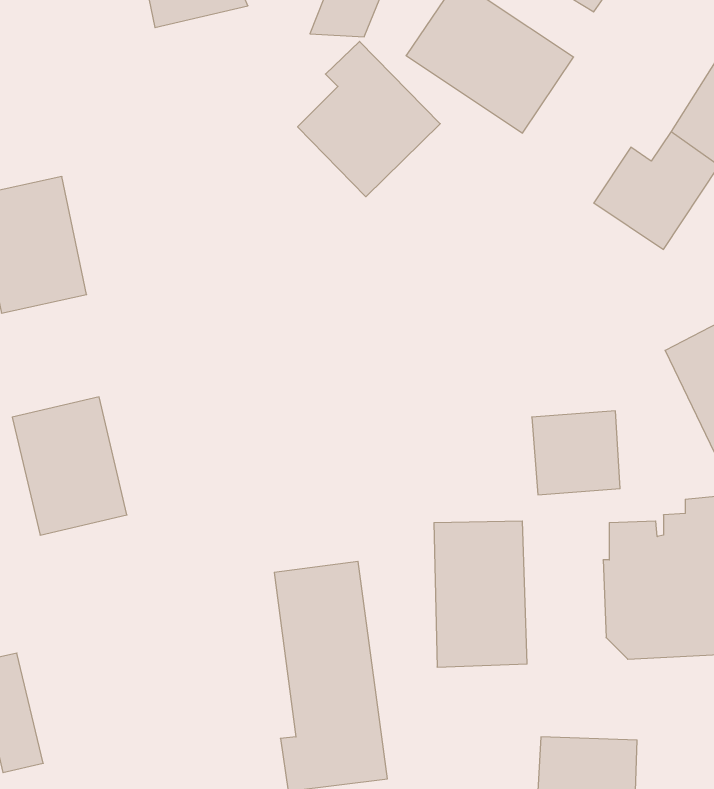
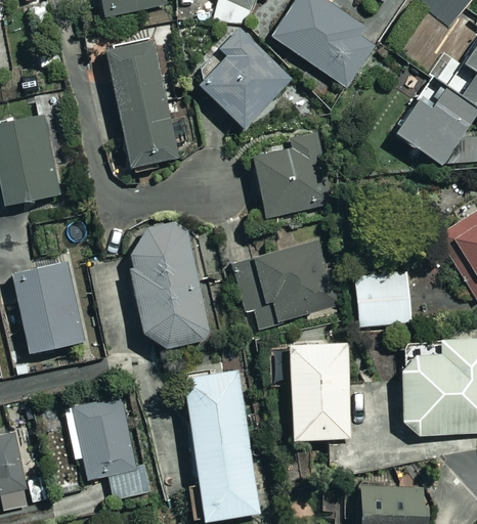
building: none -> [104,42,180,169]
building: none -> [254,133,332,217]
building: none -> [129,227,214,347]
building: none -> [233,238,341,329]
building: none -> [66,398,143,498]

